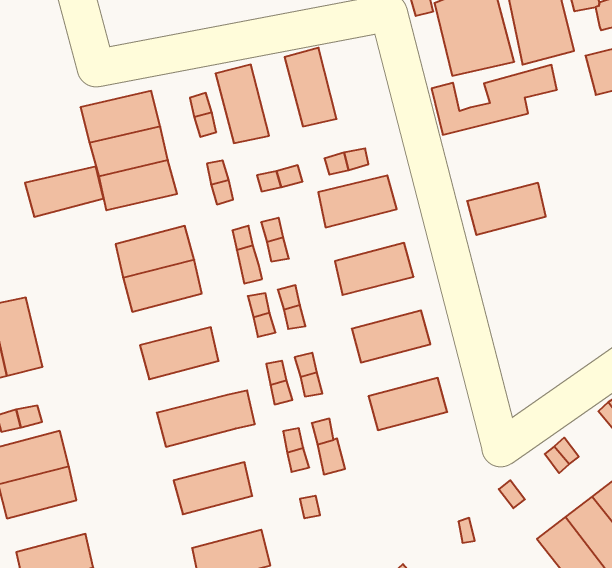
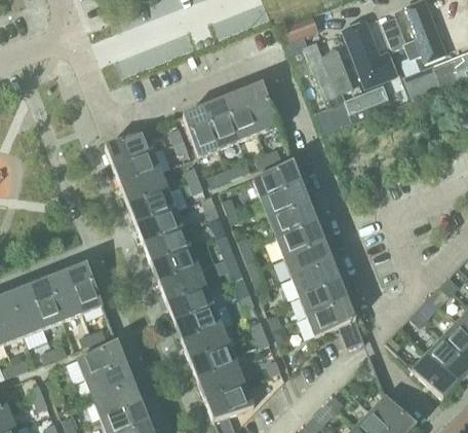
building: none -> [242,83,278,132]
building: none -> [203,99,239,147]
building: [25,166,104,217] -> [128,189,177,224]
building: [467,183,546,235] -> [261,181,309,217]
building: none -> [276,220,324,256]
building: none -> [152,247,200,283]
building: none -> [293,259,340,295]
building: none -> [167,286,216,322]
building: none -> [308,298,364,347]
building: none -> [183,325,231,361]
building: none -> [198,364,246,400]
building: none -> [93,381,142,417]

